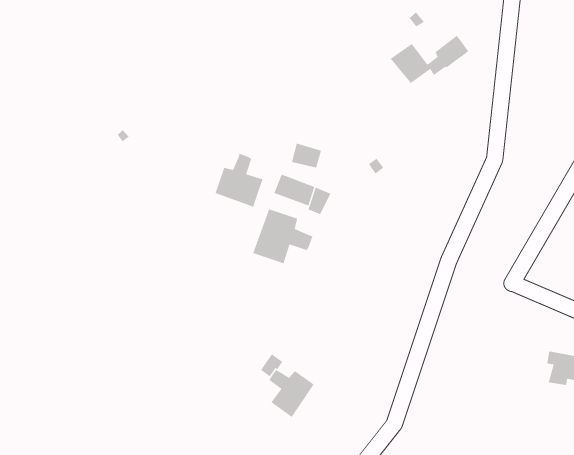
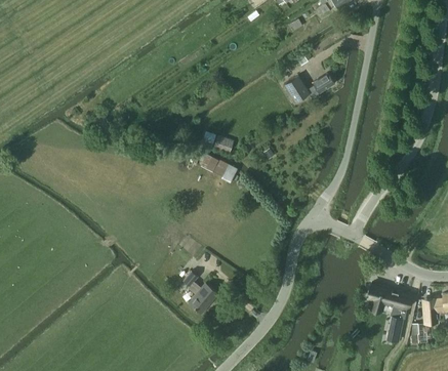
building: [215,153,263,207] -> none
building: [252,208,313,264] -> none

